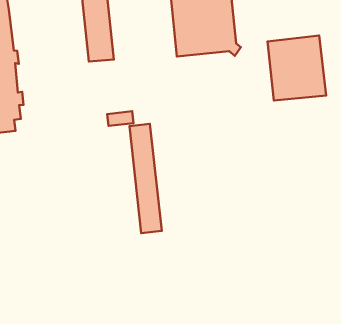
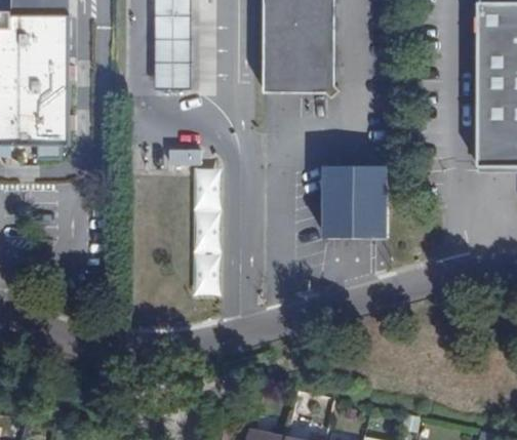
building: [268,36,326,101] -> [323,165,386,237]

